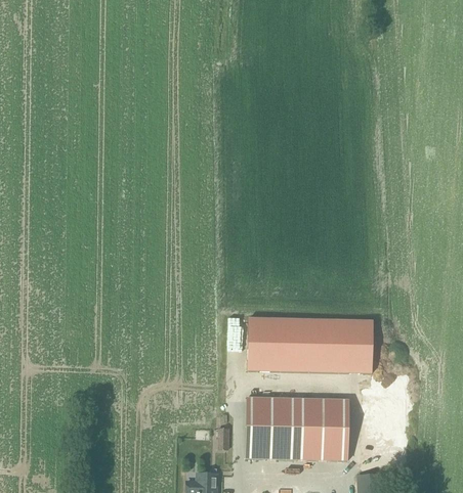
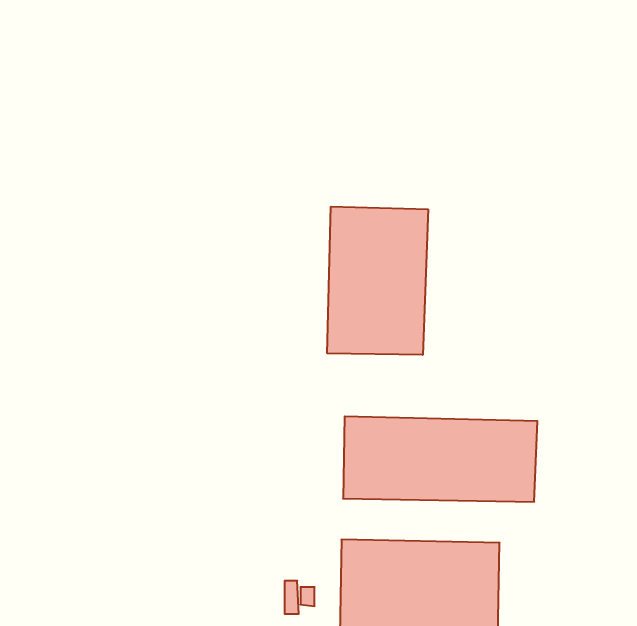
building: none -> [327,207,428,355]

